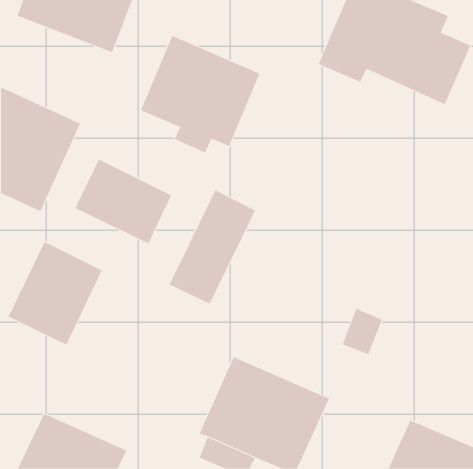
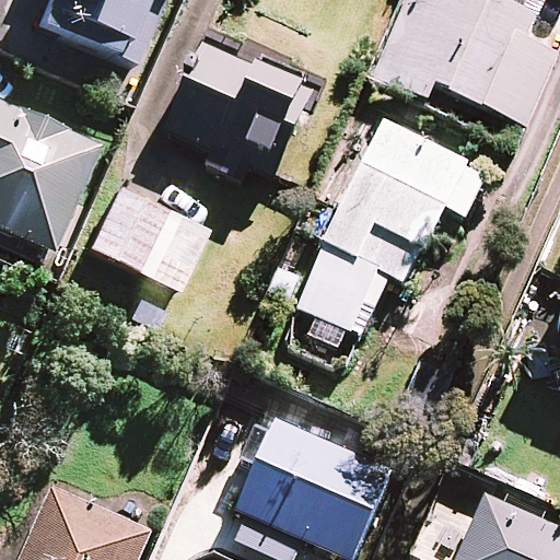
building: none -> [298,126,486,336]
building: [169,189,256,305] -> none
building: [8,241,103,345] -> none

